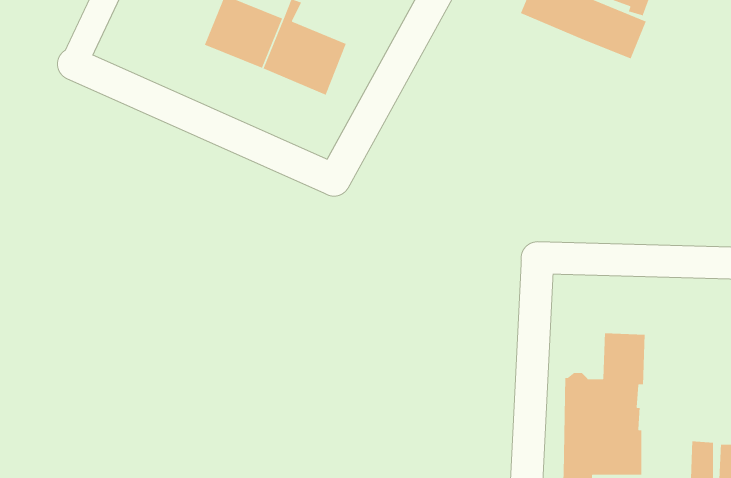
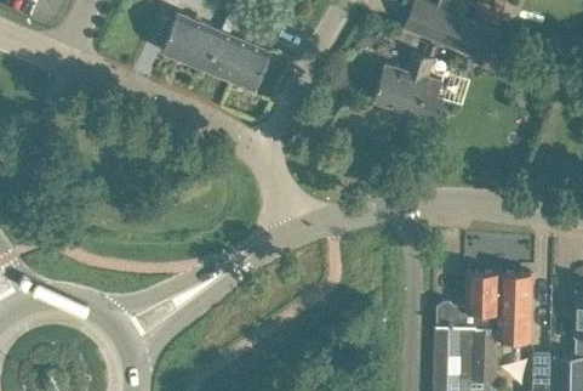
building: none -> [372,53,444,121]
building: none -> [497,273,532,342]

